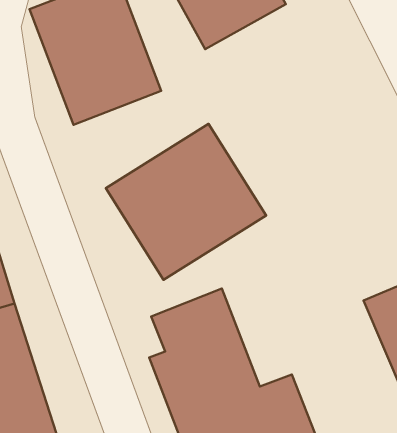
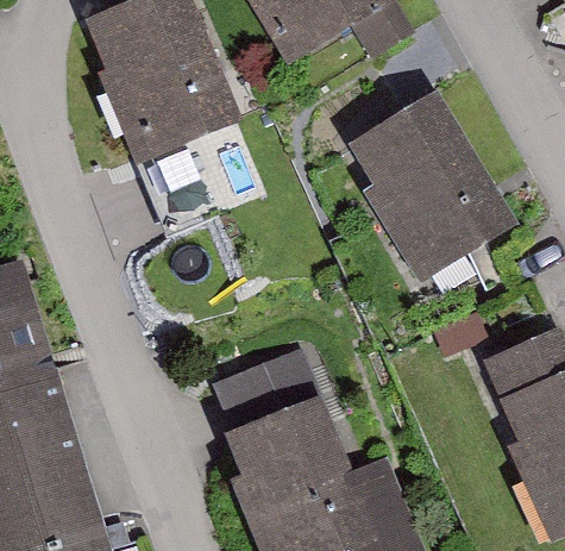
building: none -> [339,99,508,278]
building: [106,124,266,280] -> none

